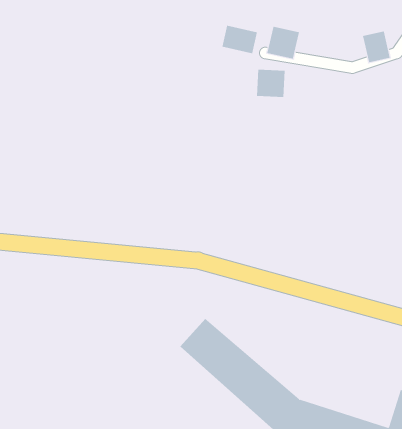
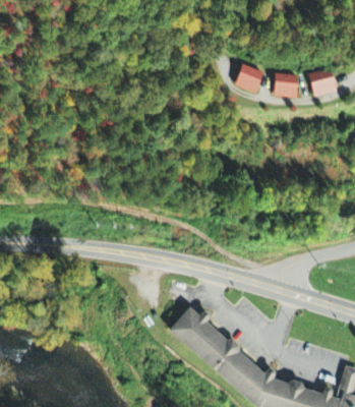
building: [222,25,258,54] -> none
building: [256,69,286,98] -> [277,73,301,97]

